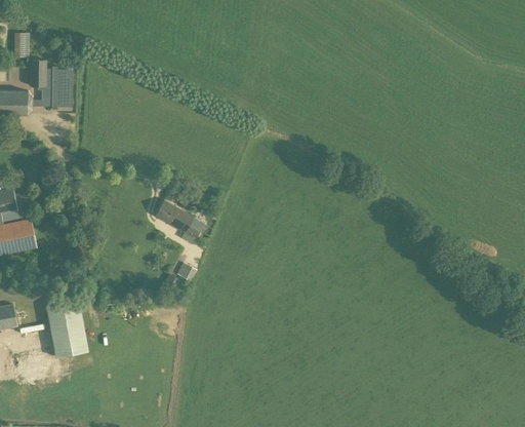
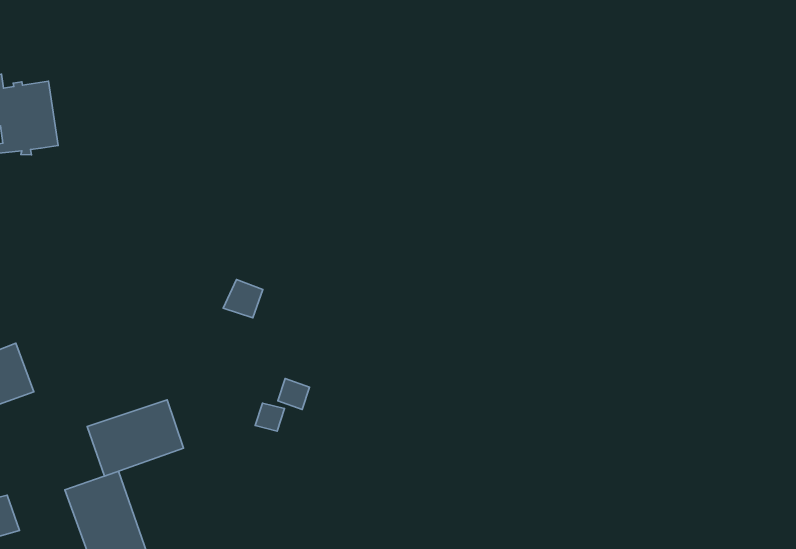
building: [169,208,203,238] -> none
building: none -> [87,400,184,476]

